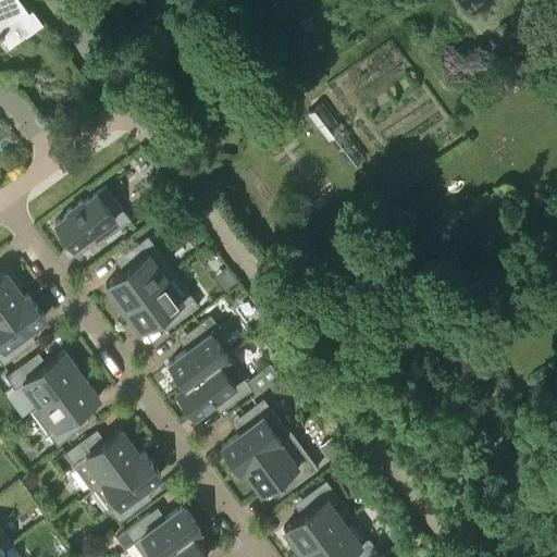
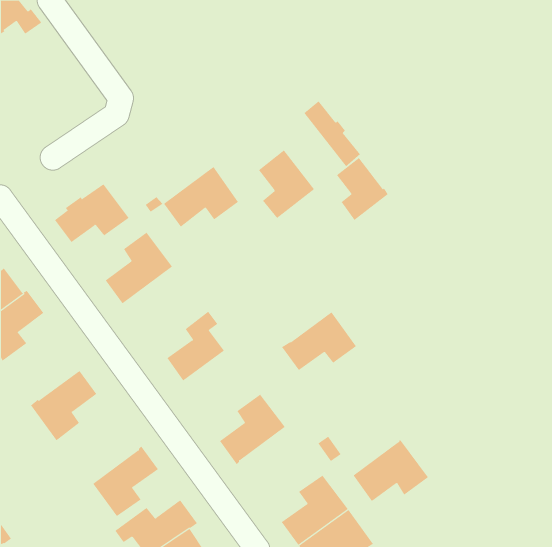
building: none -> [258,150,315,219]
building: none -> [336,157,388,221]
building: [123,273,199,335] -> [163,166,239,228]
building: [13,354,81,408] -> none
building: [175,358,251,418] -> [281,312,357,371]
building: [63,432,139,494] -> none
building: [242,433,318,496] -> [353,439,429,502]

